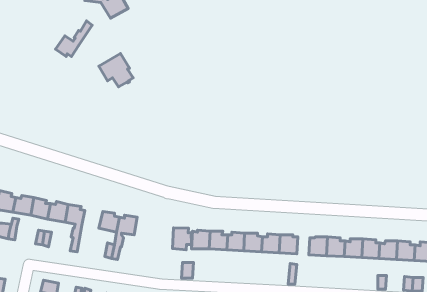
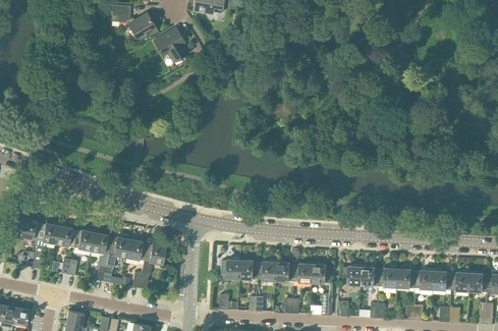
building: [56,21,92,57] -> none
building: [99,53,133,87] -> [153,27,188,62]
building: none -> [103,236,129,282]
building: [172,228,191,250] -> none

